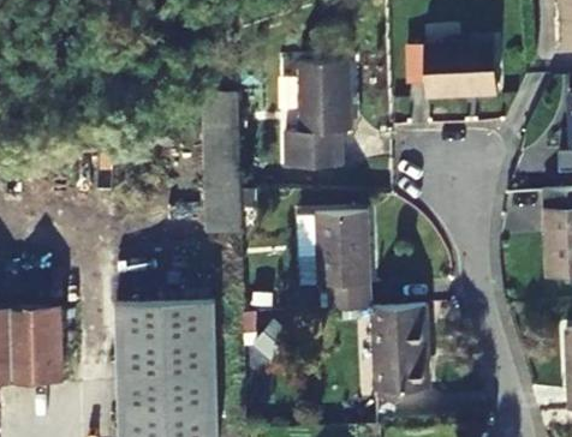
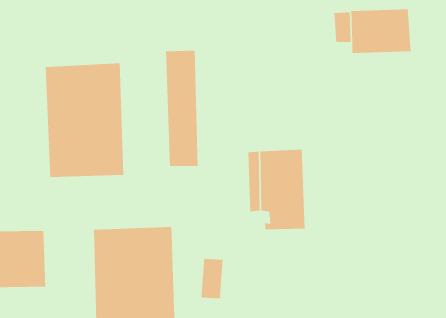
building: [286,62,351,168] -> none
building: none -> [45,63,124,178]
building: [374,306,429,394] -> none

